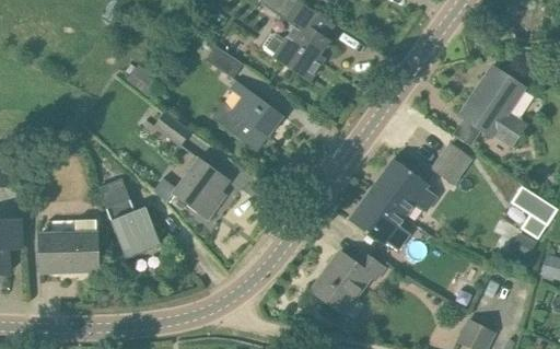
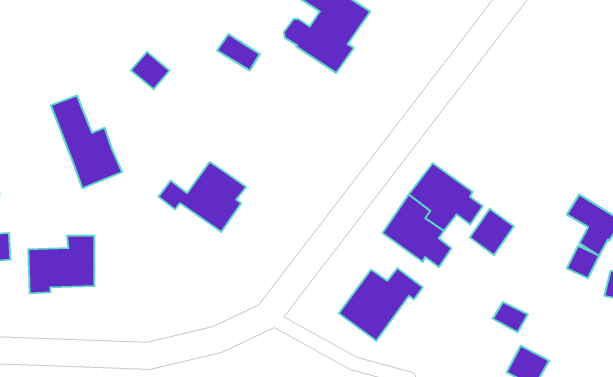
building: [459,67,524,144] -> none
building: [212,80,280,142] -> none
building: [153,112,190,146] -> none
building: [432,143,470,184] -> [470,209,514,255]
building: [98,178,161,259] -> [51,95,122,188]

